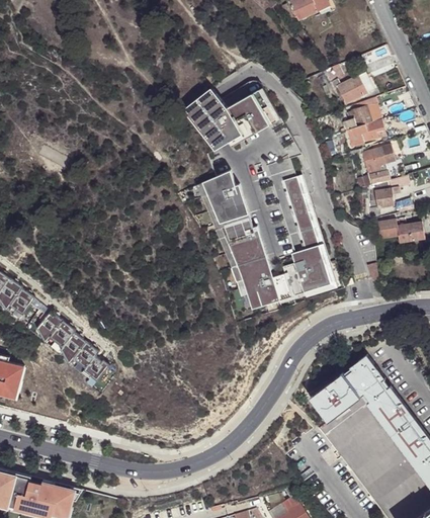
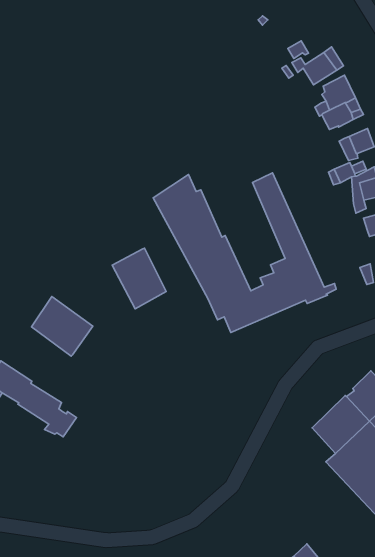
building: [186,82,283,149] -> none
building: none -> [112,248,166,309]
building: none -> [32,297,93,356]

